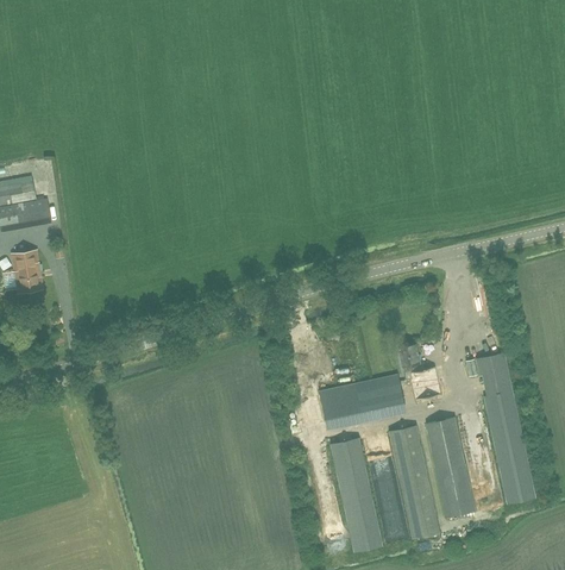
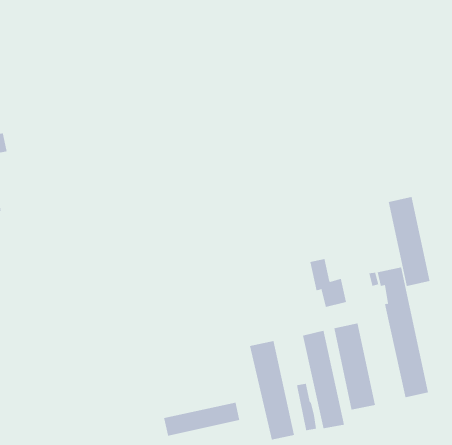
building: none -> [388,196,430,287]
building: [320,375,404,420] -> none
building: none -> [164,402,240,436]

